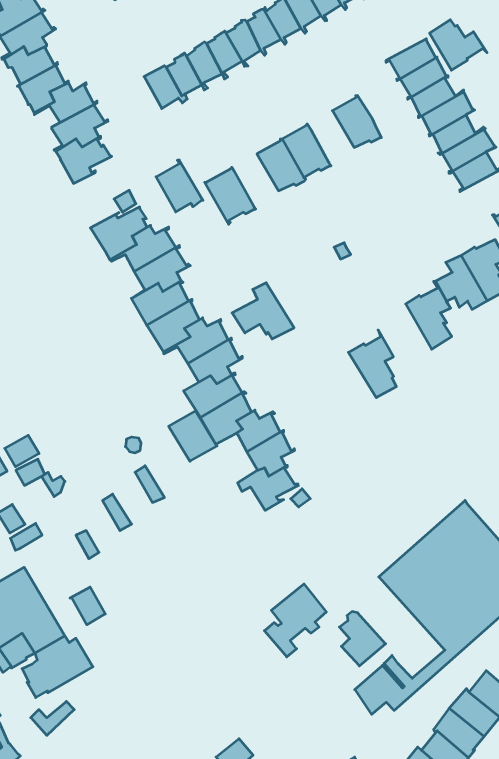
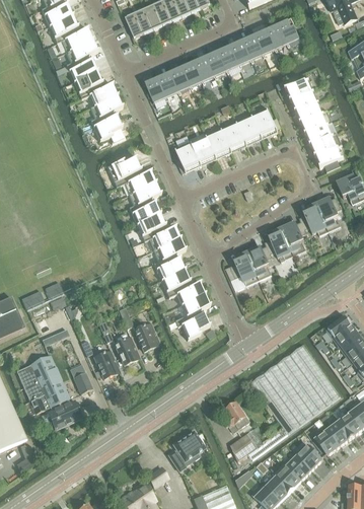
building: [430,20,487,70] -> none
building: none -> [238,114,263,143]
building: [156,160,203,212] -> [192,134,217,163]
building: [232,283,294,339] -> [225,252,260,285]
building: none -> [265,228,294,261]
building: [169,411,217,461] -> [134,321,160,350]
building: none -> [114,331,140,364]
building: none -> [94,349,120,377]
building: [264,584,326,657] -> [168,430,205,470]

